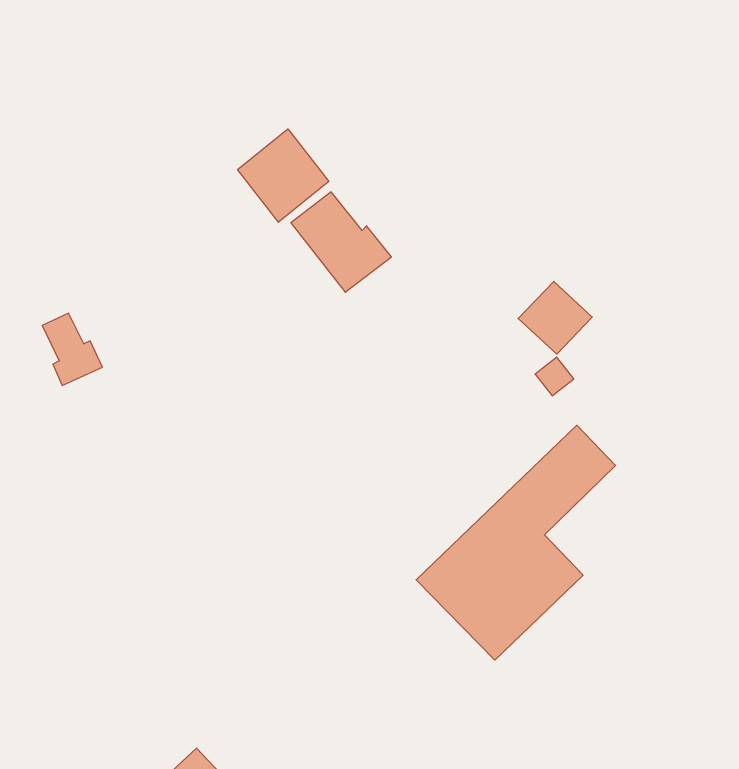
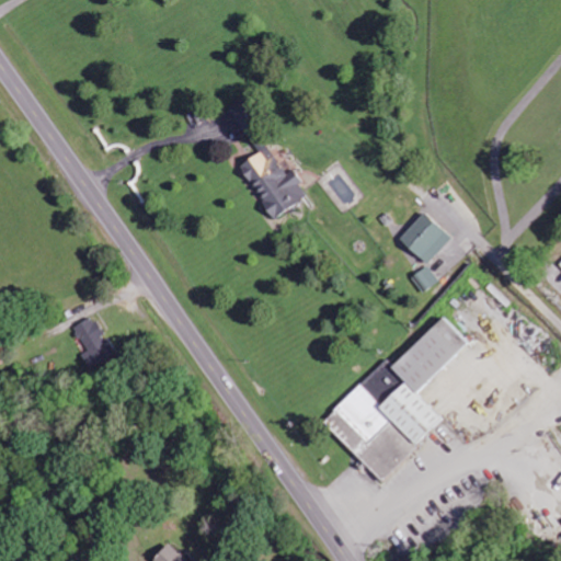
building: [238,129,329,222] -> none
building: [42,313,102,386] -> [73,317,116,368]

